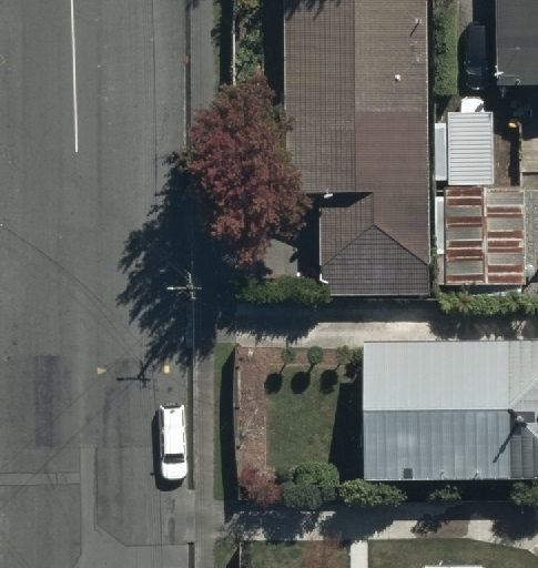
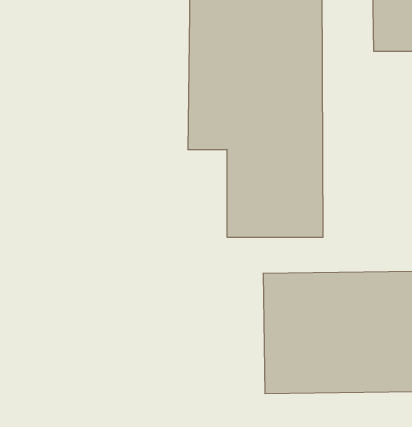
building: [446,110,526,285] -> none

